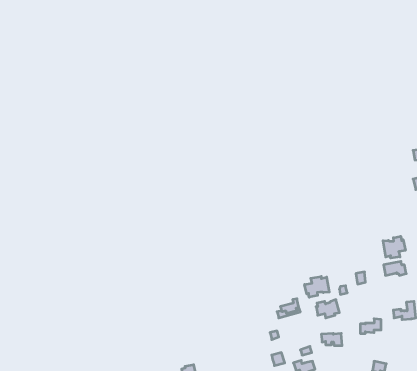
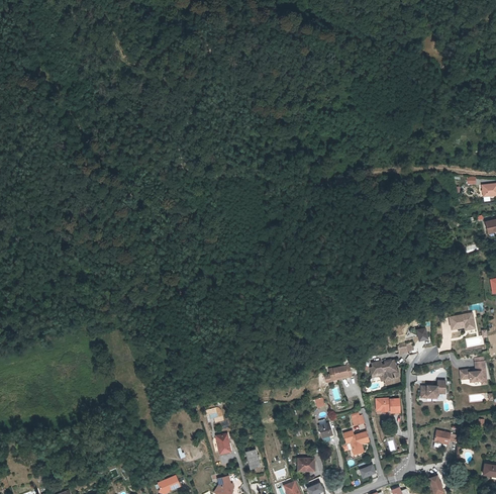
building: [383,236,405,258] -> none
building: [305,276,329,297] -> none

